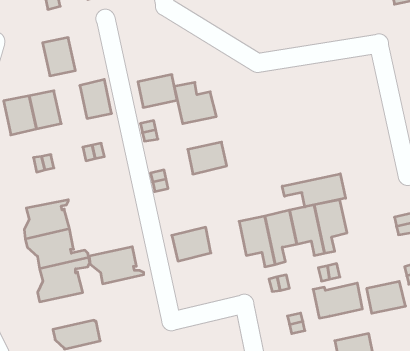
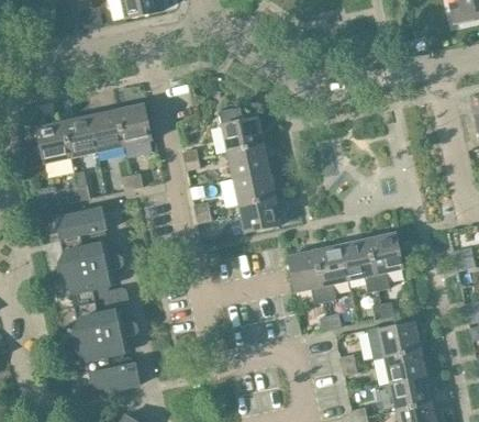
building: [43,38,75,76] -> [89,110,124,151]
building: [138,75,177,107] -> [226,143,268,178]
building: [282,174,346,207] -> none
building: none -> [57,208,105,241]
building: [172,227,211,261] -> [237,196,279,232]
building: [89,247,144,284] -> [74,331,132,370]
building: [367,281,406,313] -> [383,348,425,382]

